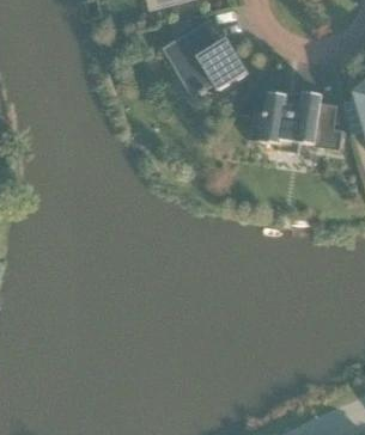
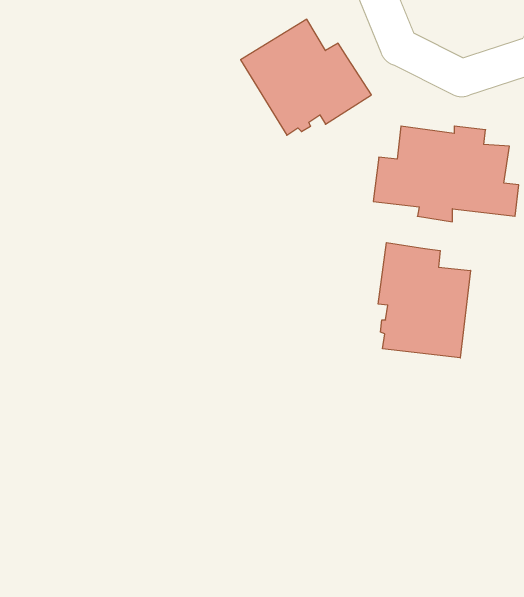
building: none -> [378,243,471,358]

